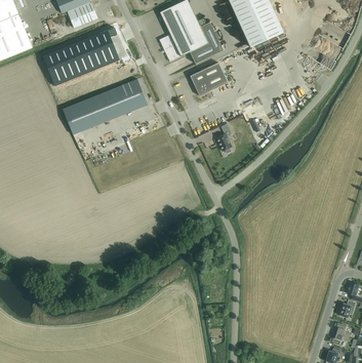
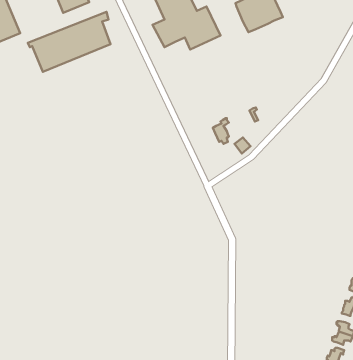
building: [189,62,227,95] -> none
building: [62,78,147,133] -> none

